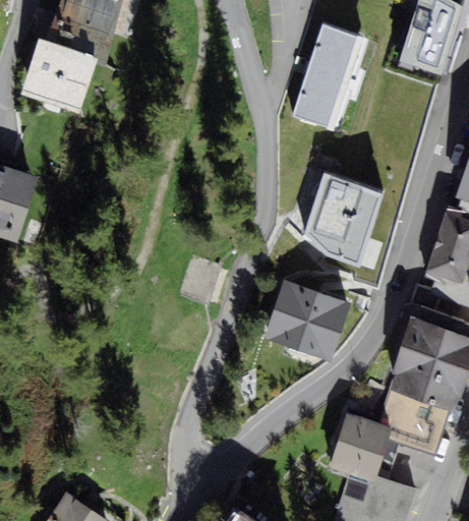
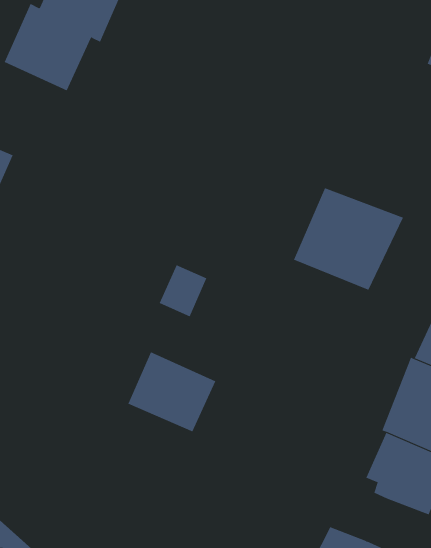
building: [296,26,366,130] -> none
building: [269,278,344,344] -> [127,352,216,432]
building: [334,414,401,478] -> none

